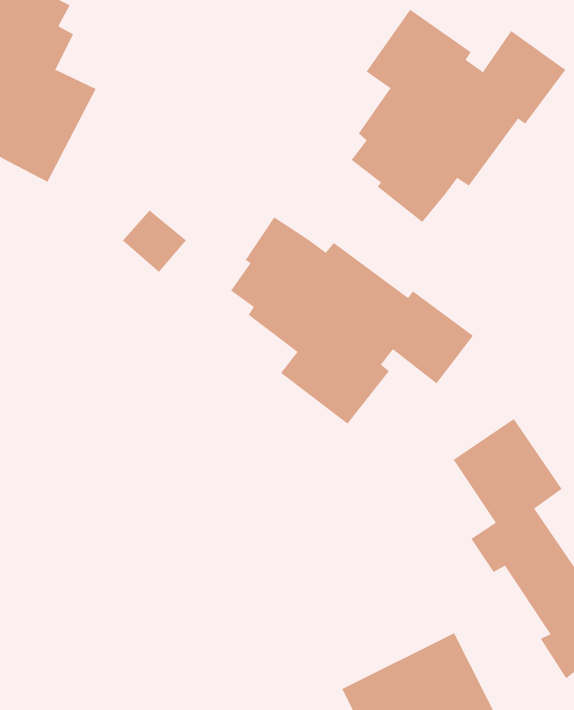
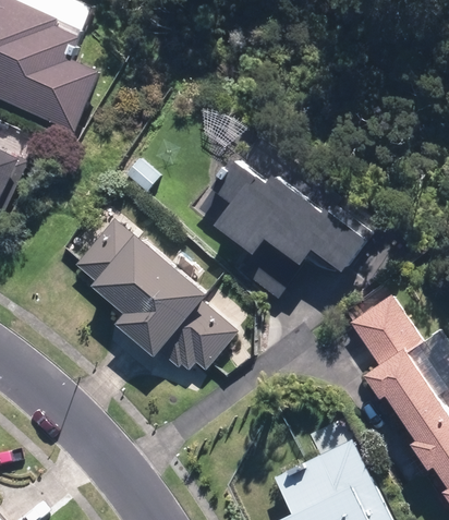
building: [351,9,566,223] -> none
building: none -> [76,218,238,370]

